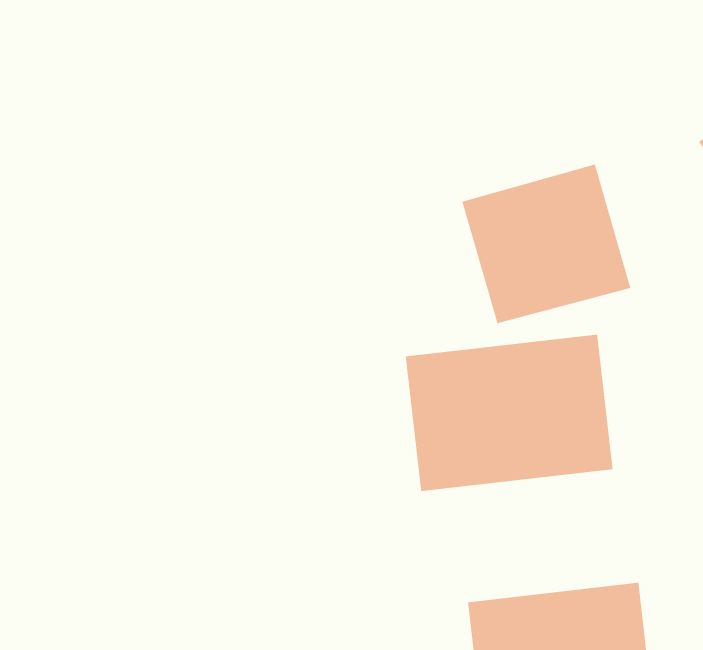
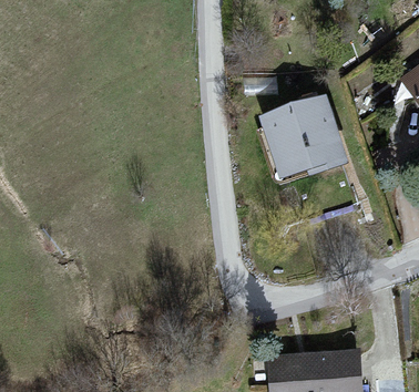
building: [405,334,613,492] -> none

